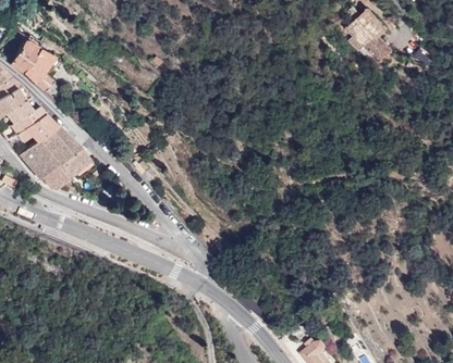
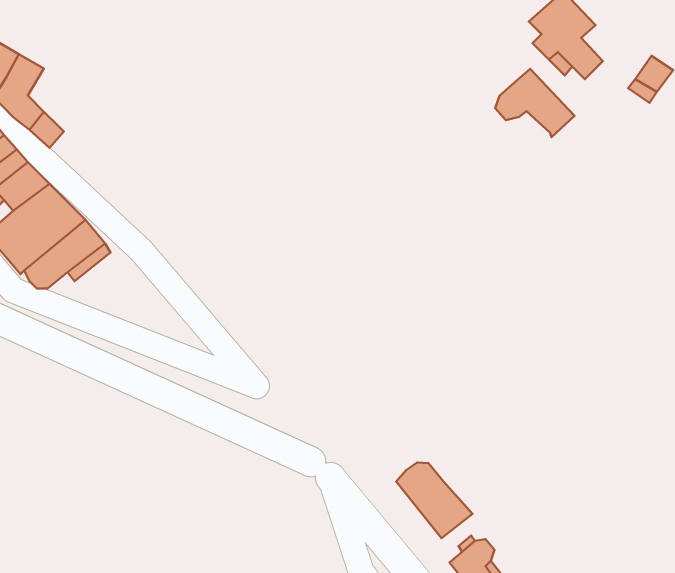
building: none -> [495,69,575,137]
building: none -> [396,463,472,538]

